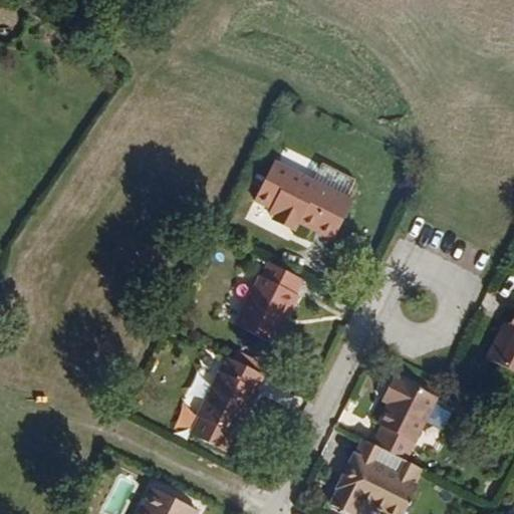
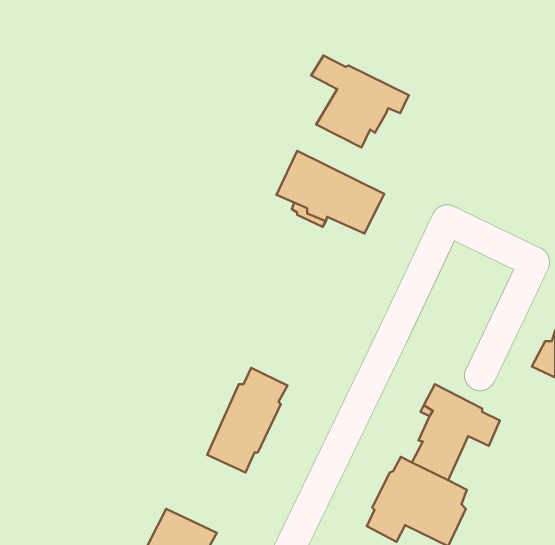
building: none -> [311,56,409,148]
building: [235,255,301,339] -> none

